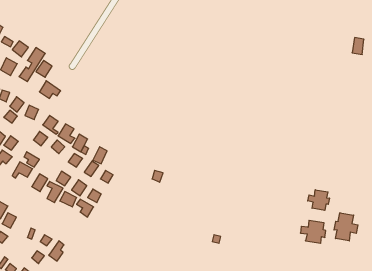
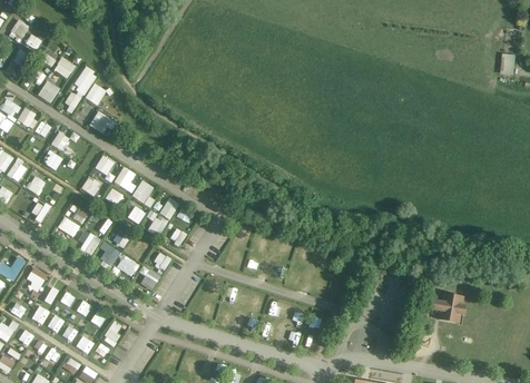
building: [308,190,329,210] -> none
building: [334,213,358,241] -> none

